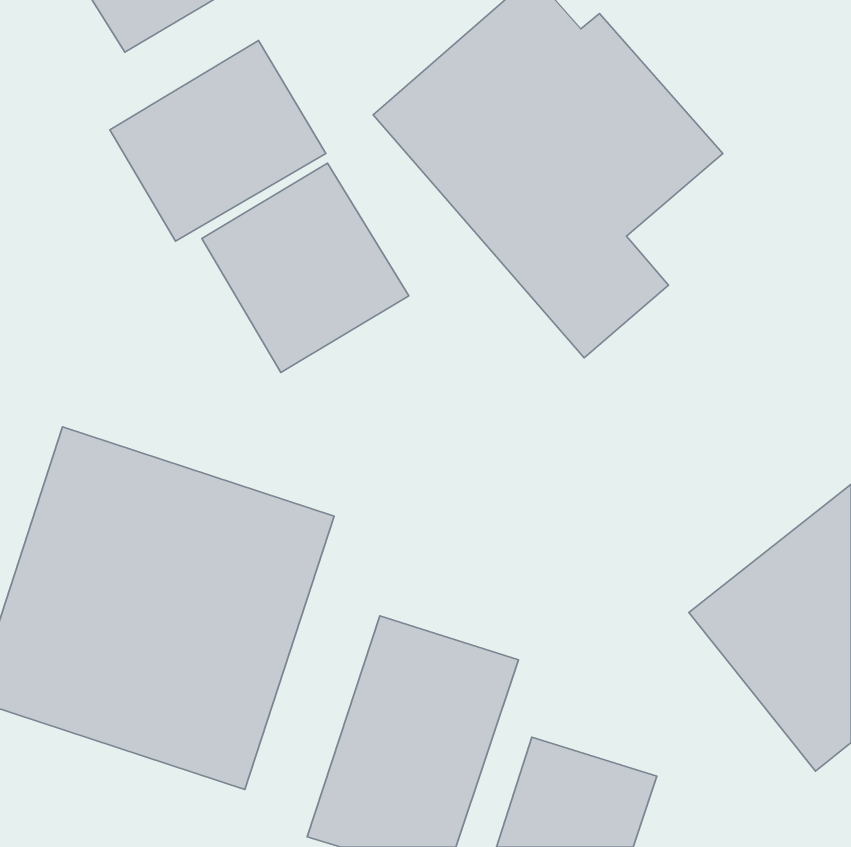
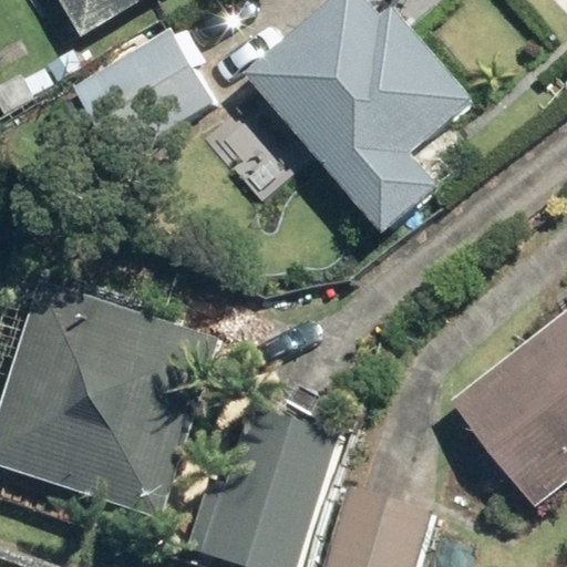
building: [202,163,409,372] -> none

